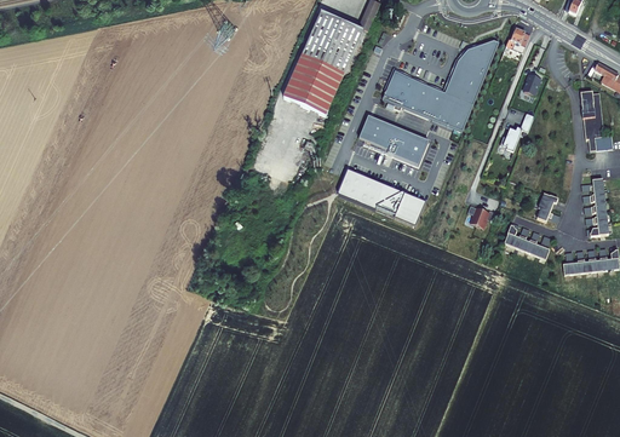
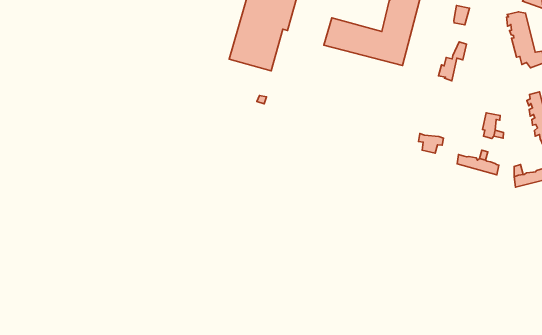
building: [360,115,429,163] -> none
building: [337,169,426,228] -> none

